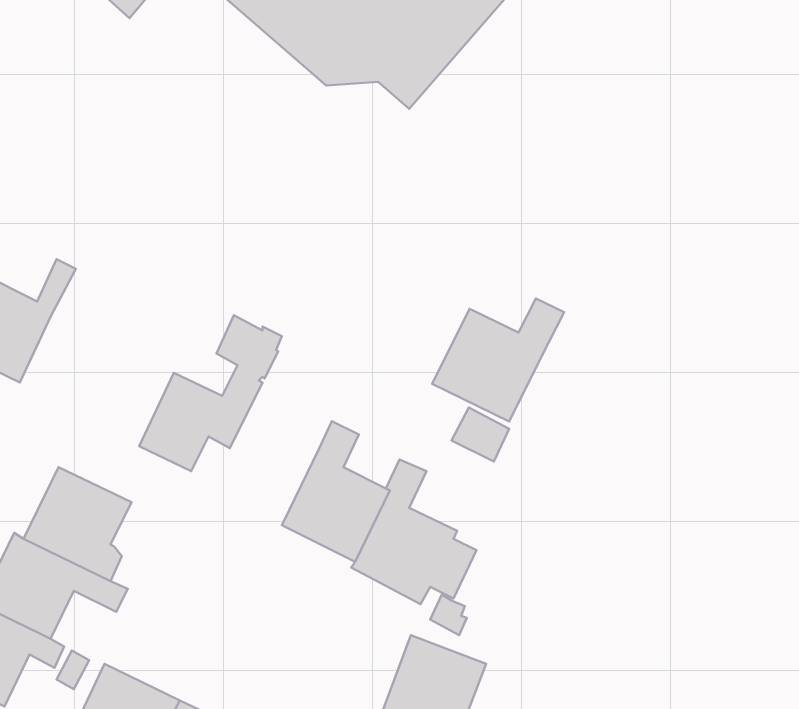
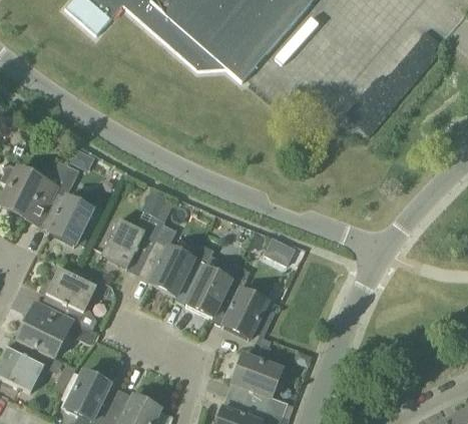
building: none -> [37,164,93,246]
building: [432,298,564,421] -> none
building: none -> [147,224,194,296]

